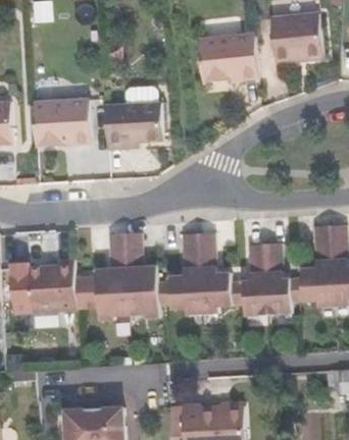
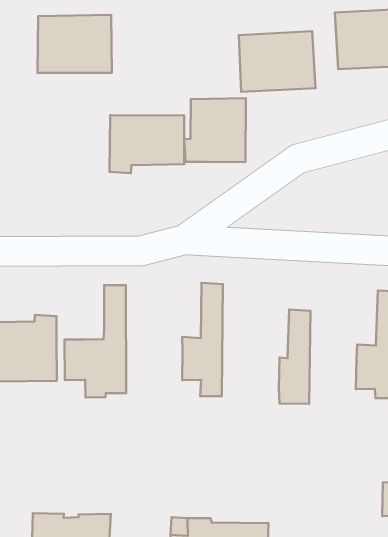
building: none -> [184,98,246,162]
building: [33,99,91,146] -> [37,15,112,73]
building: [197,227,232,313] -> none
building: [123,232,159,317] -> none
building: [264,243,291,315] -> none

